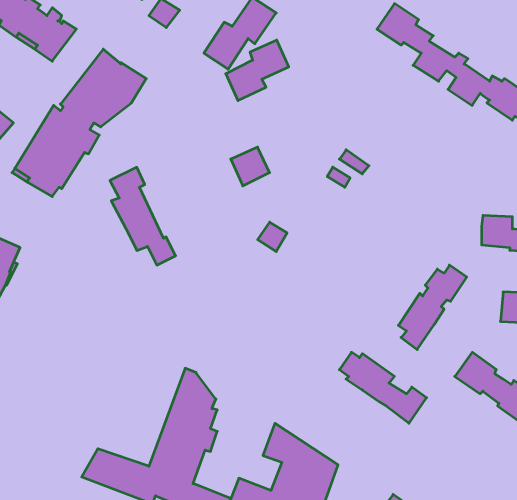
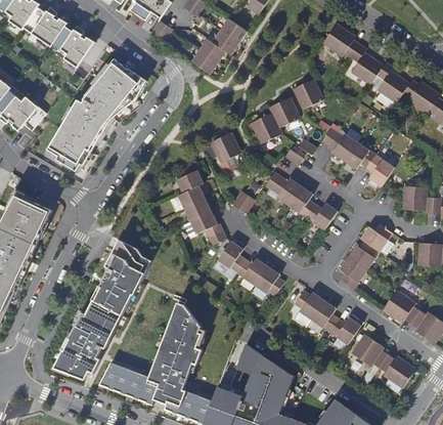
building: [226,40,289,101] -> [251,98,299,144]
building: none -> [293,80,321,109]
building: none -> [320,127,393,185]
building: [110,167,176,265] -> [175,169,225,244]
building: none -> [264,171,337,229]
building: none -> [52,240,149,380]
building: none -> [217,241,284,295]
building: none -> [351,333,415,386]

